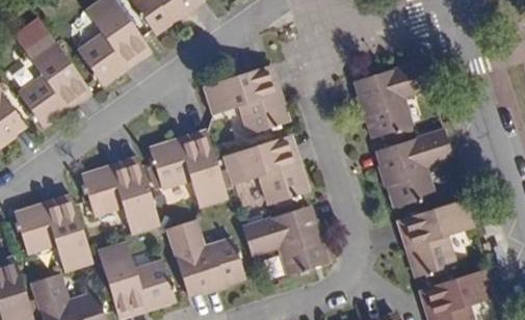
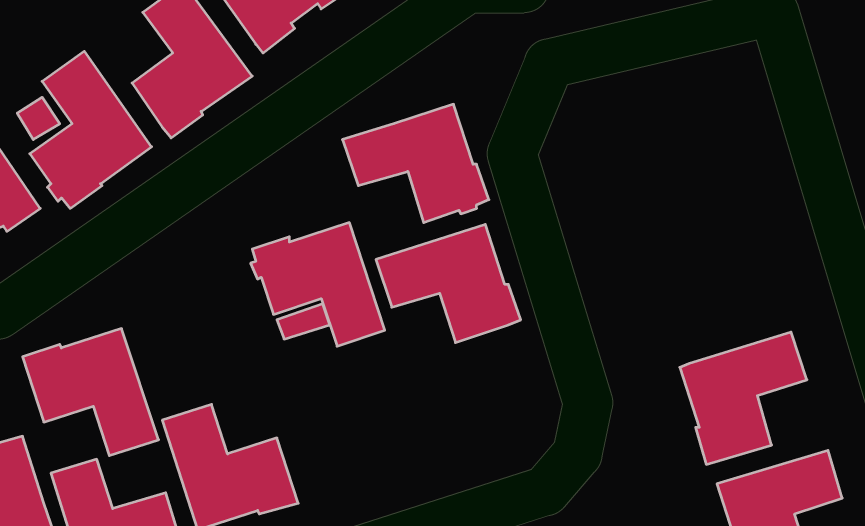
building: [355,59,430,138] -> none
building: [376,129,452,207] -> none
building: [80,160,159,234] -> none
building: [241,205,327,274] -> none
building: [165,218,244,295] -> none

